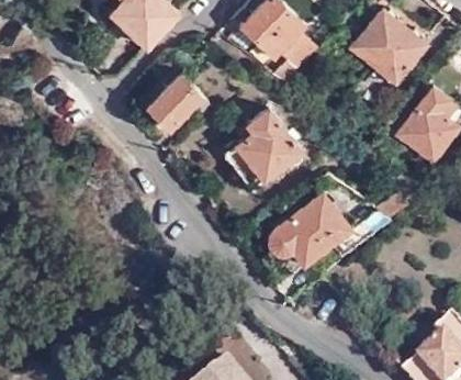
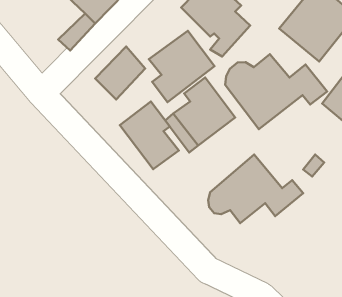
building: none -> [149,31,215,102]
building: none -> [225,54,327,129]
building: none -> [120,101,179,169]

